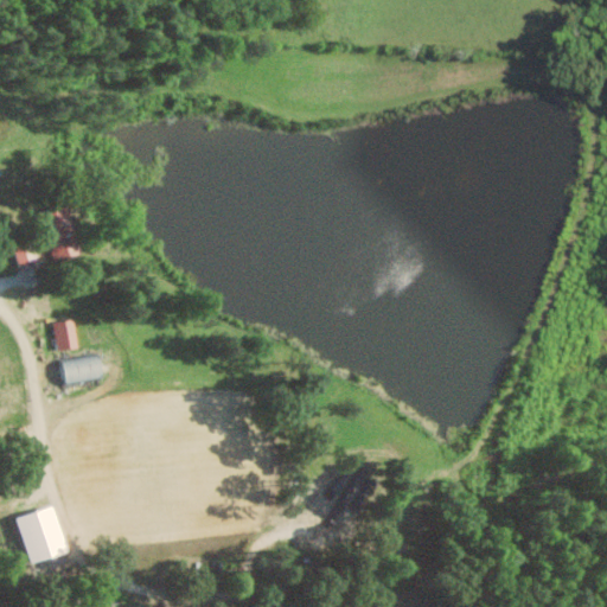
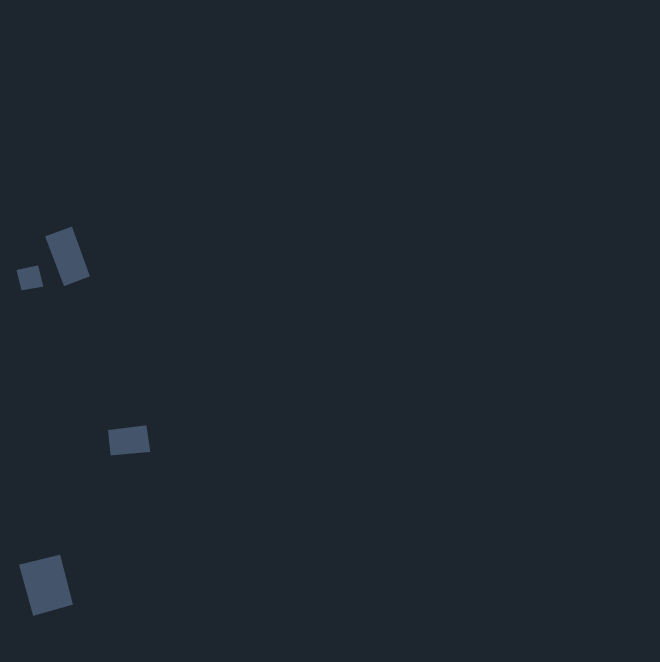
building: [52,319,78,352] -> none
building: [63,354,103,383] -> [107,425,151,456]

